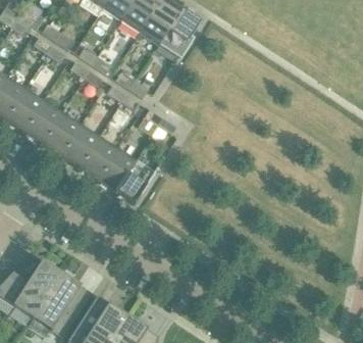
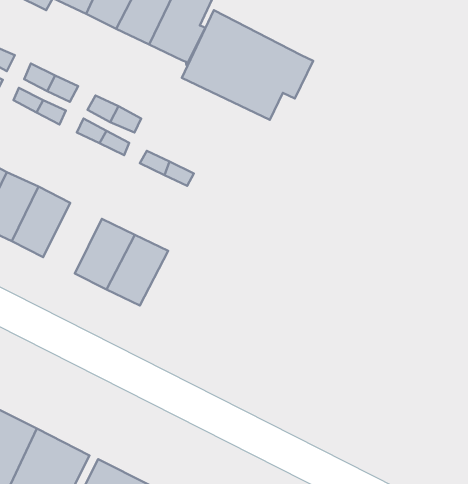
building: none -> [182,10,313,120]
building: [77,137,116,181] -> none

